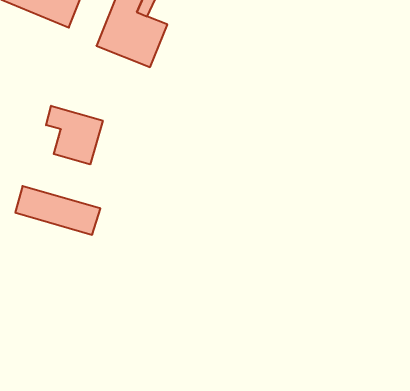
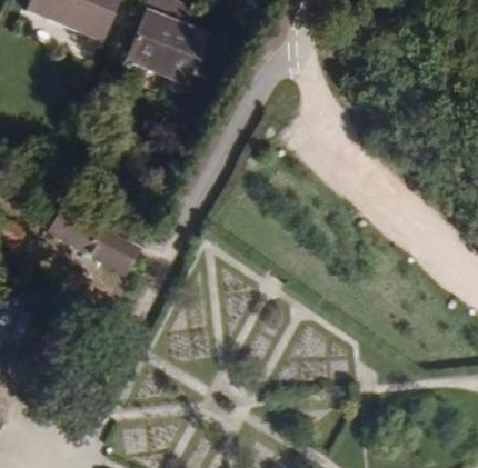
building: [46,106,103,164] -> none

